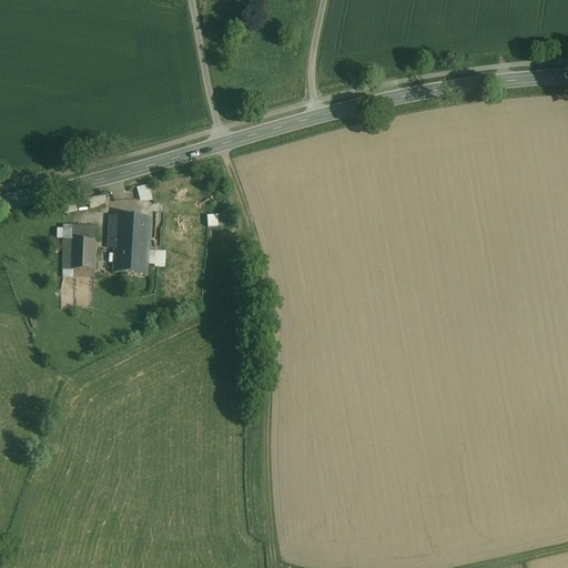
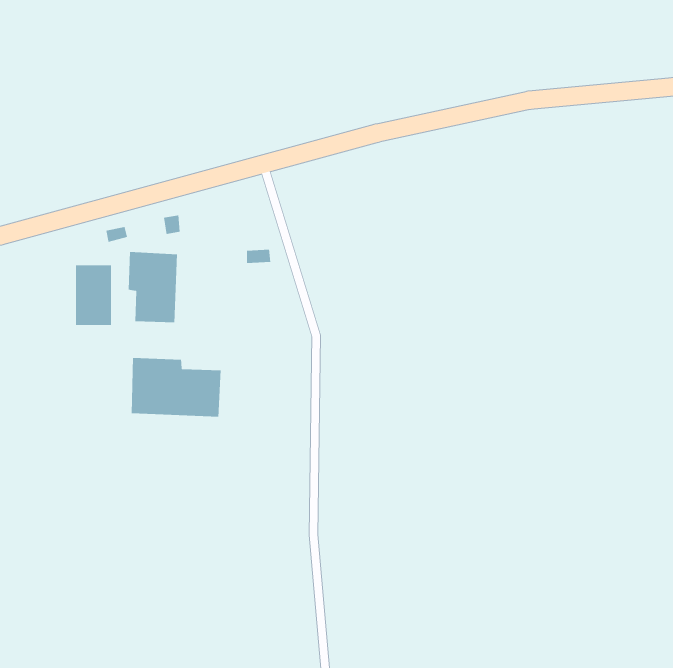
building: none -> [131,357,221,417]

